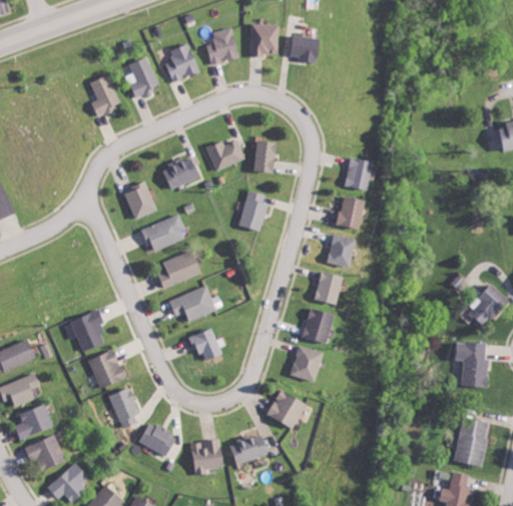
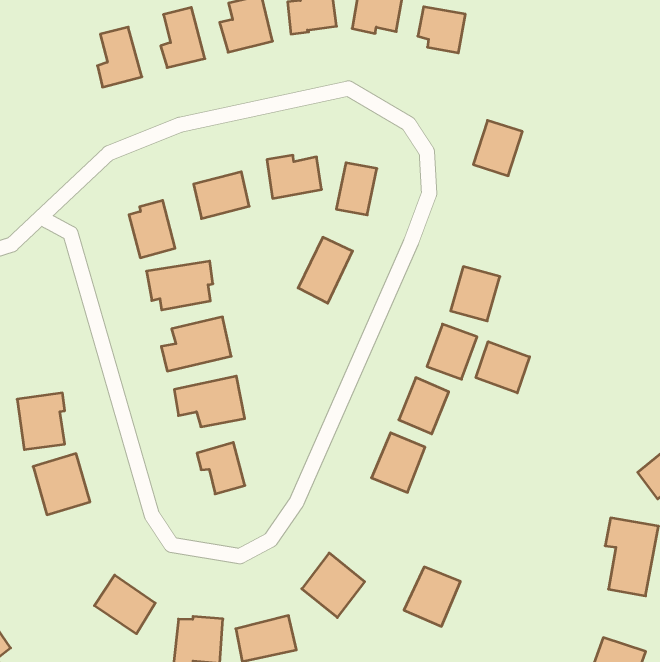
building: [343,157,371,190] -> [473,120,522,176]
building: none -> [476,342,530,393]
building: [289,346,322,382] -> [404,567,460,626]
building: [107,388,139,429] -> none

